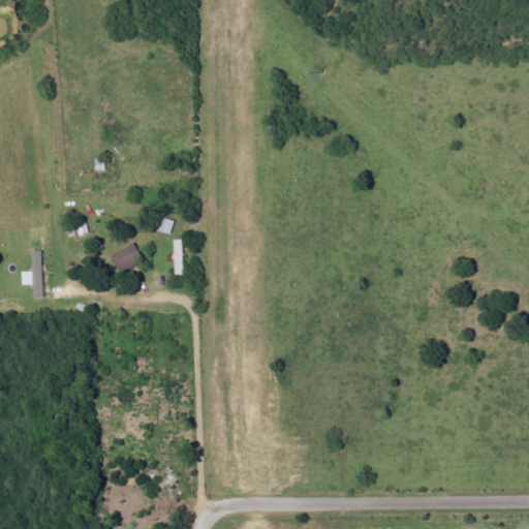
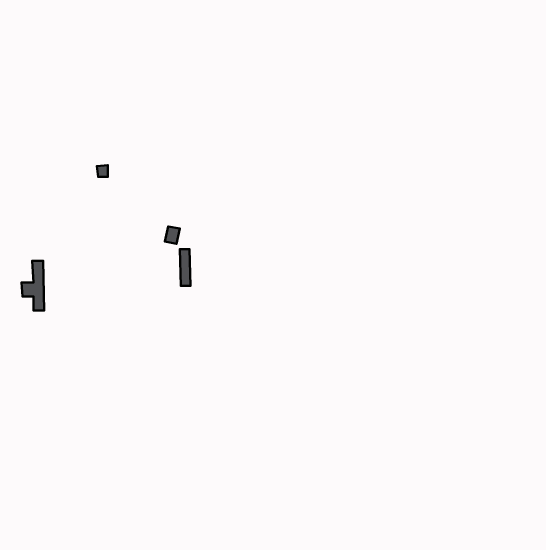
building: [110,243,142,272] -> none

